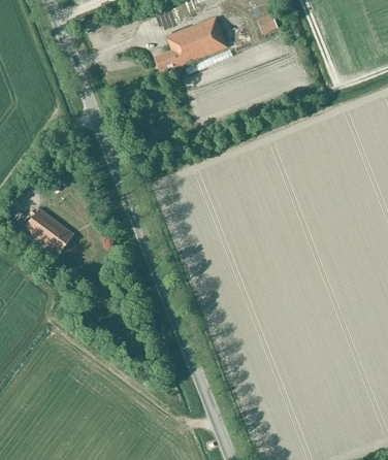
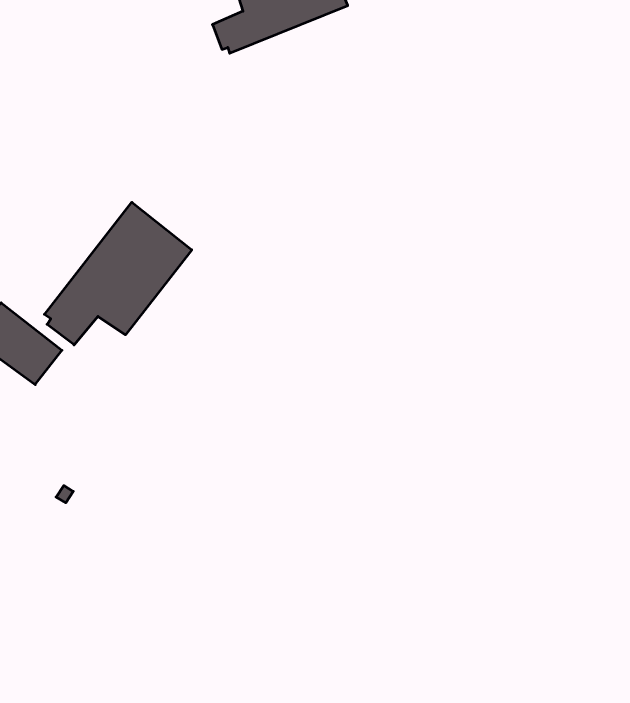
building: none -> [44,202,192,345]

